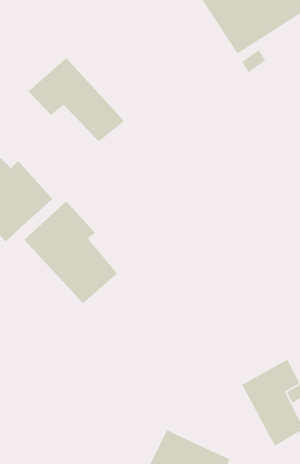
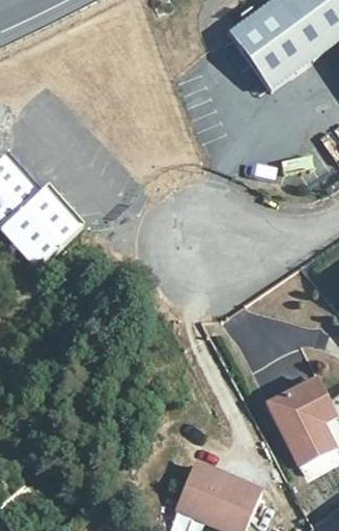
building: [28,57,125,142] -> none
building: [24,200,118,304] -> none

